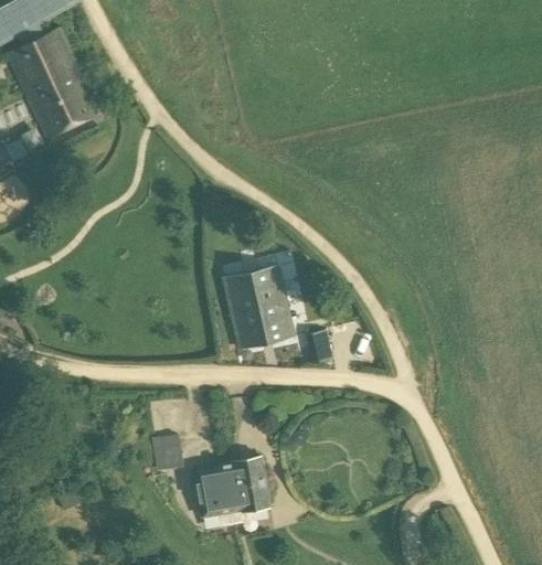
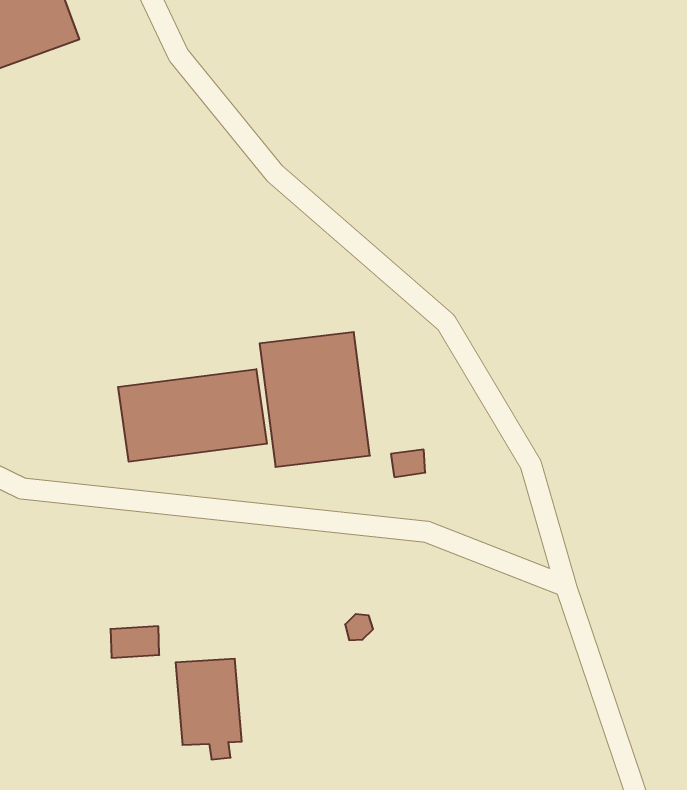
building: none -> [118,369,267,462]
building: [229,456,272,521] -> none

